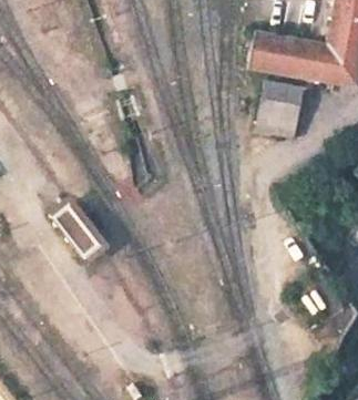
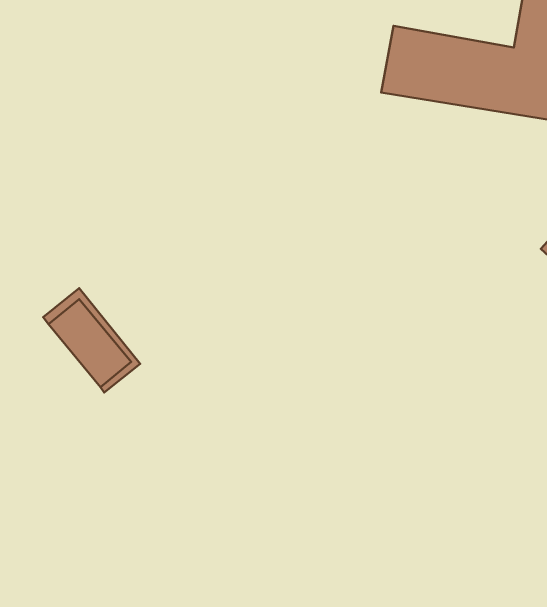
building: [259,85,309,142] -> none

